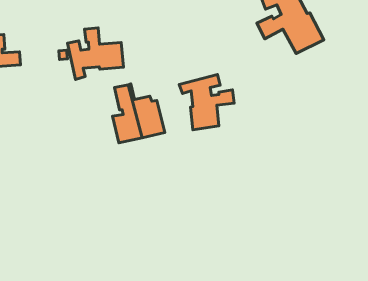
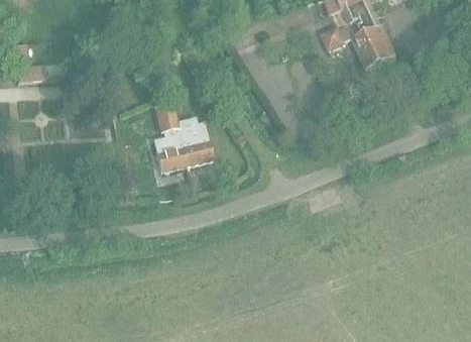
building: [67,28,124,79] -> none
building: [179,74,234,130] -> none

